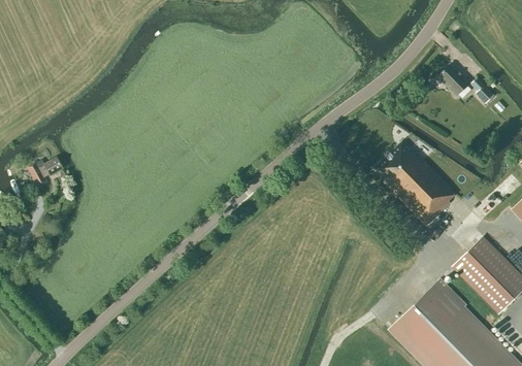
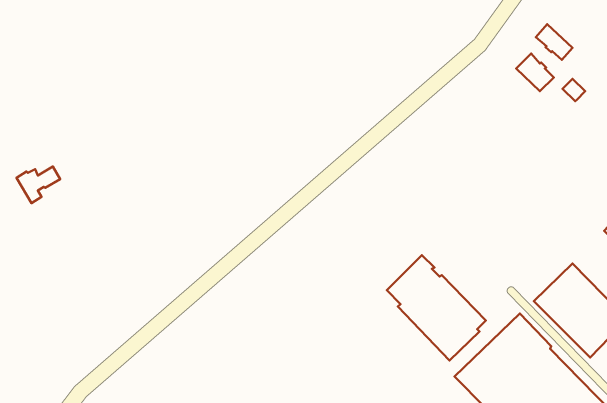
building: none -> [536,24,572,60]
building: [376,139,457,226] -> [387,255,486,361]

